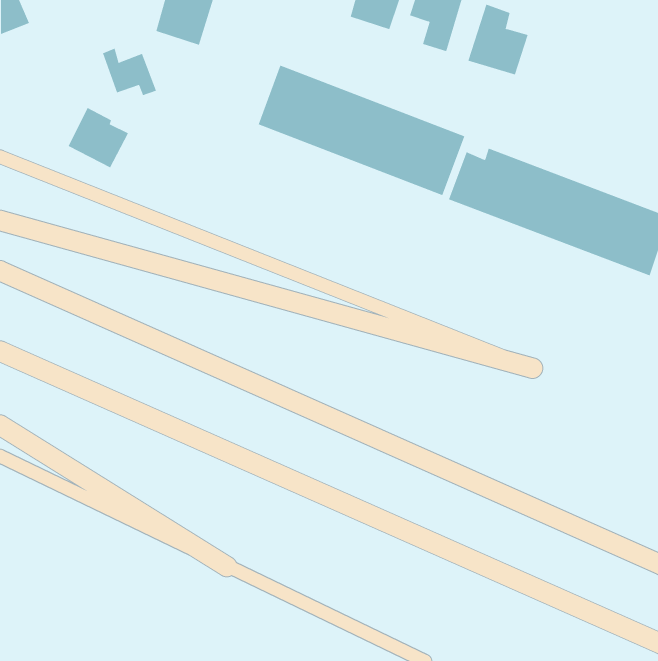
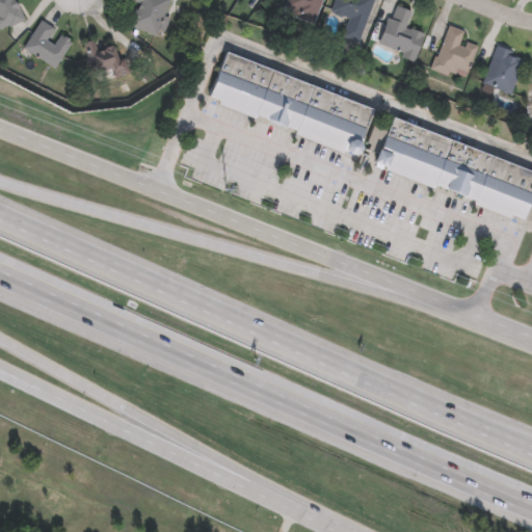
building: none -> [431,23,479,78]
building: none -> [482,45,527,96]
building: [68,107,129,168] -> [25,19,74,68]

